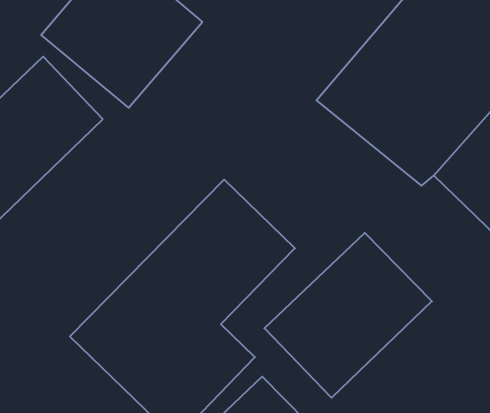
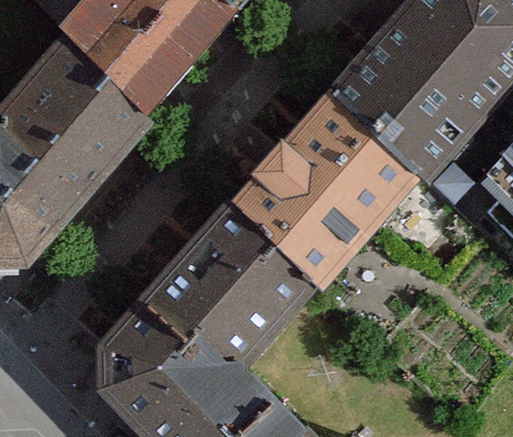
building: none -> [256,119,406,270]
building: [264,233,432,398] -> none

